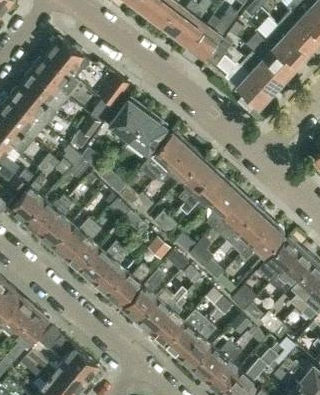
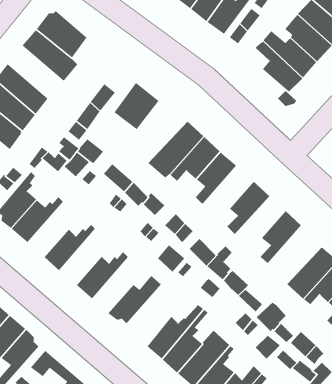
building: [20,68,68,113] -> none
building: [99,75,130,108] -> none
building: [130,115,166,153] -> none
building: [181,170,229,214] -> none
building: [213,196,256,241] -> none
building: [37,201,72,248] -> none
building: [241,221,285,260] -> none
building: [64,224,100,272] -> none
building: [92,248,127,296] -> none
building: [124,269,166,324] -> none

